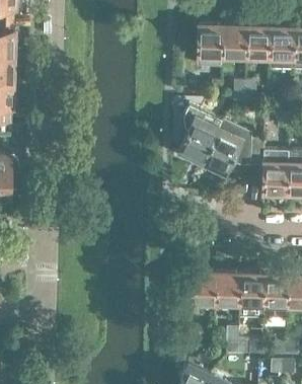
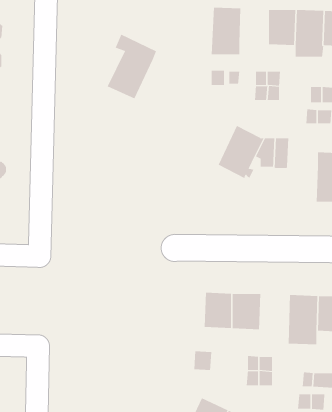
building: [221,27,245,59] -> none
building: [177,106,221,163] -> [107,34,157,99]
building: [261,164,288,196] -> none
building: [238,275,263,318] -> none

